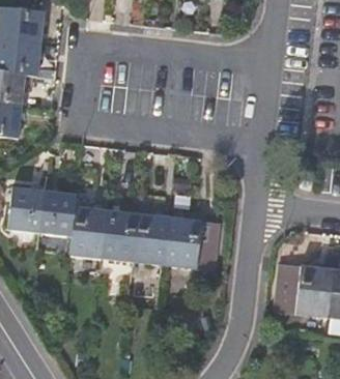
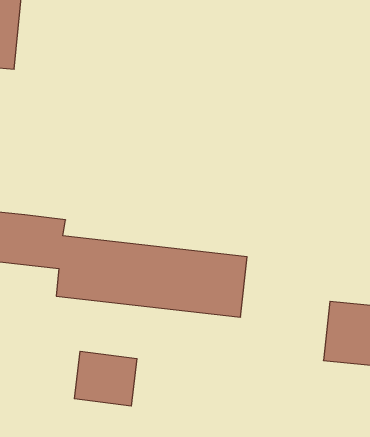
building: none -> [74,351,137,406]

